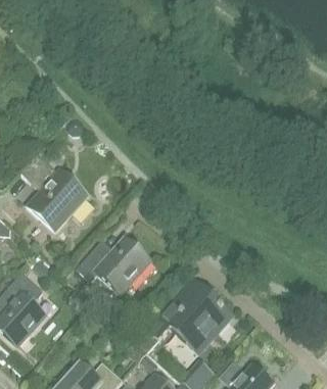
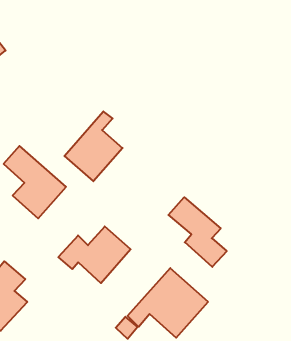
building: none -> [64,111,123,181]
building: none -> [168,197,227,267]

